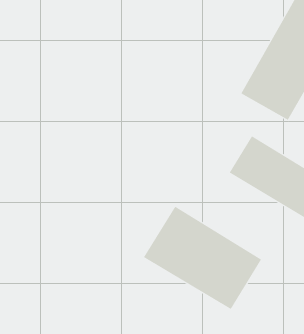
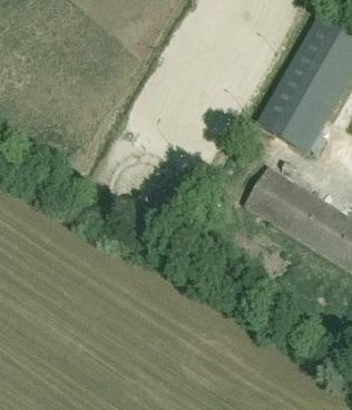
building: [143,206,262,310] -> none

